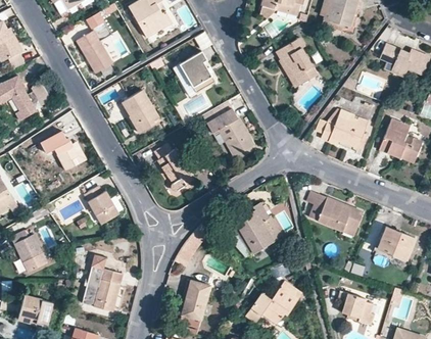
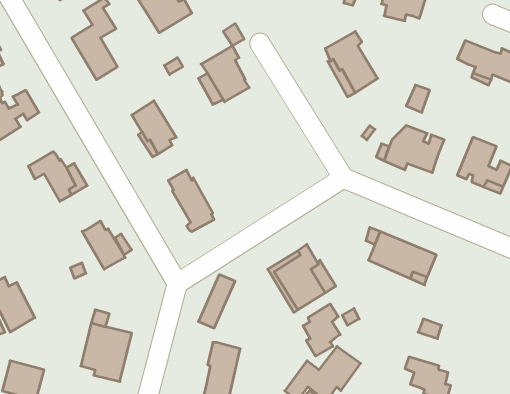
building: [204,107,255,162] -> none
building: [377,227,415,259] -> none
building: none -> [303,304,340,356]

